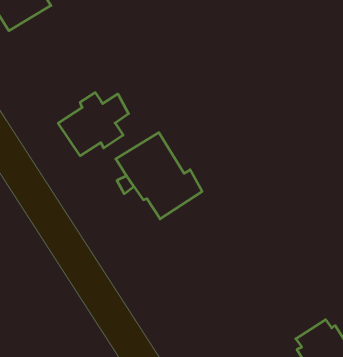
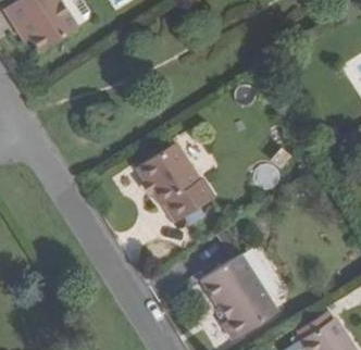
building: [58,93,129,156] -> none
building: none -> [202,255,276,338]

